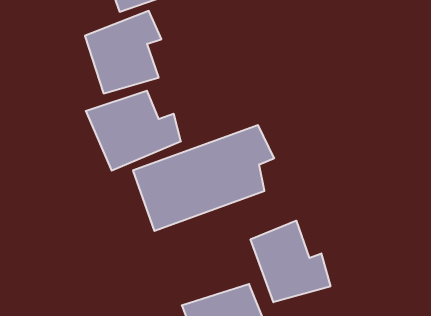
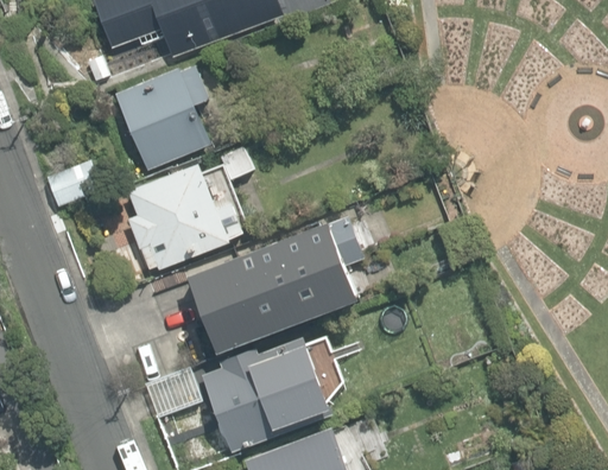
building: none -> [138,334,322,449]
building: [251,221,330,302] -> none

